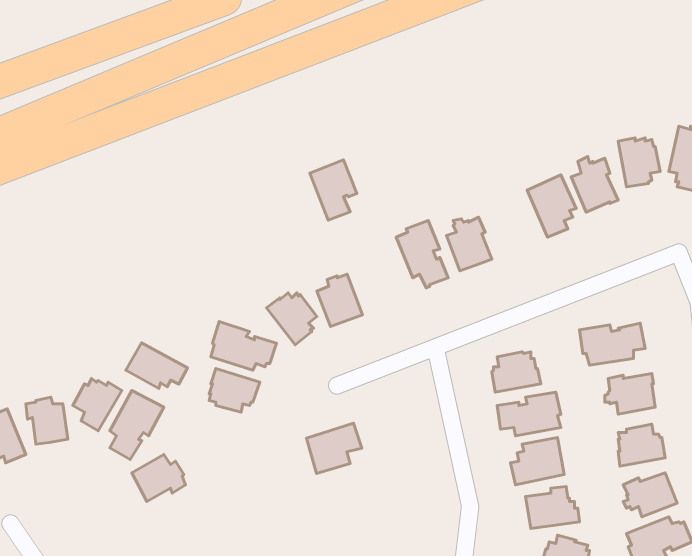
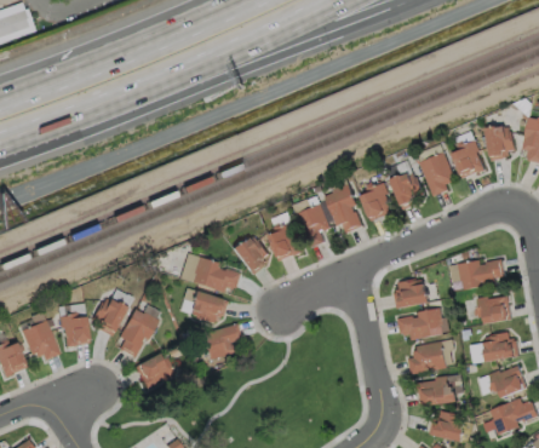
building: [310,160,357,220] -> [296,205,329,248]
building: none -> [389,173,422,209]
building: [126,343,188,389] -> none
building: [306,423,362,474] -> [201,323,241,360]

